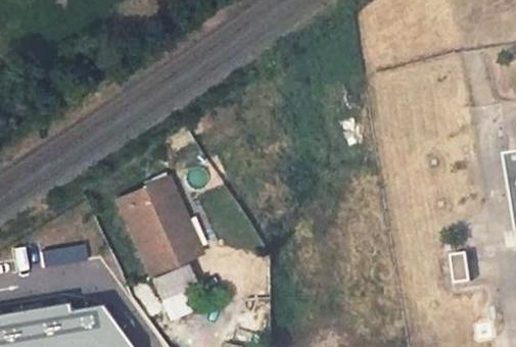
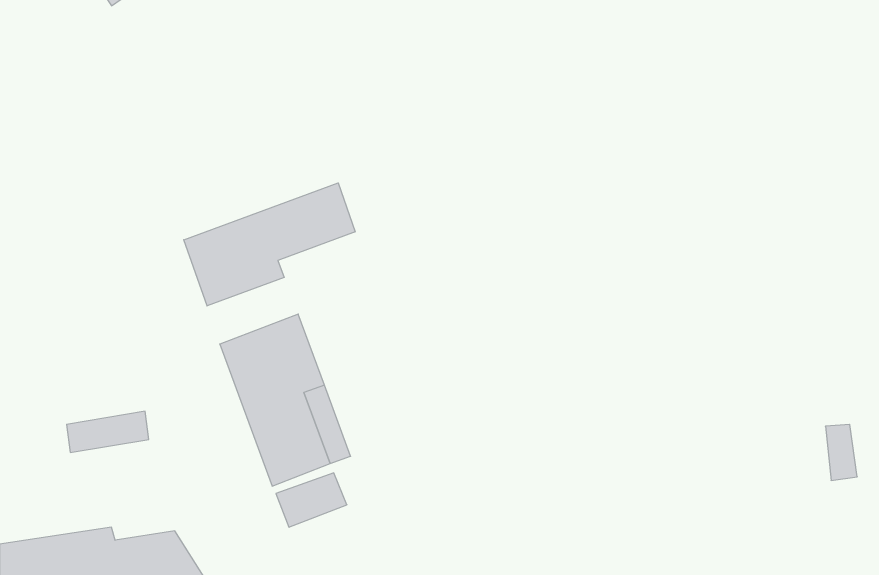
building: none -> [184,183,355,306]

